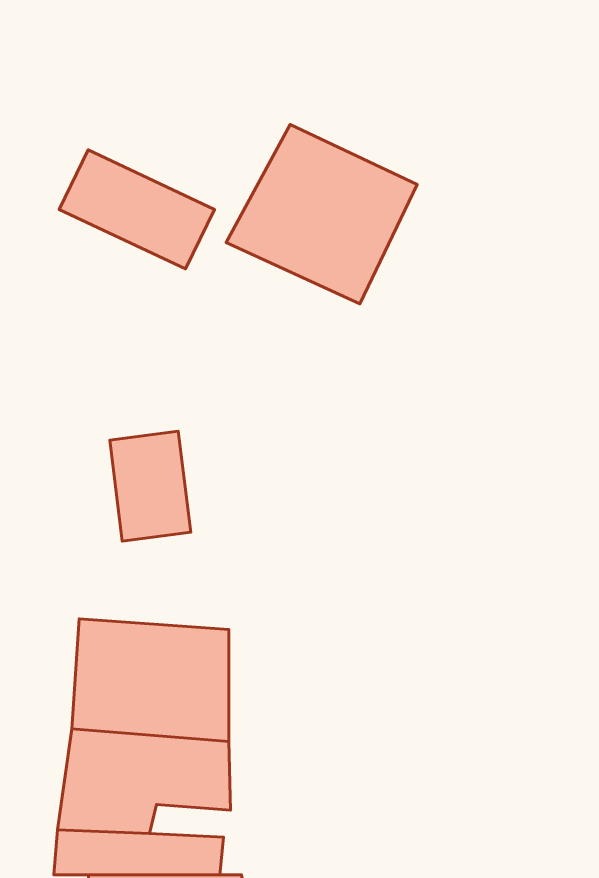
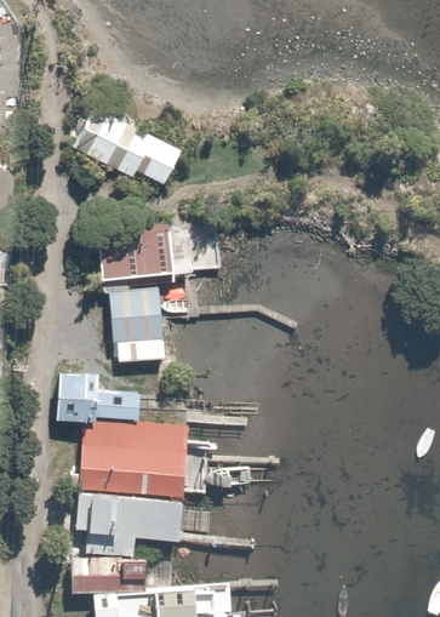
building: [226,125,417,304] -> none
building: none -> [98,232,185,291]
building: none -> [59,375,144,418]

